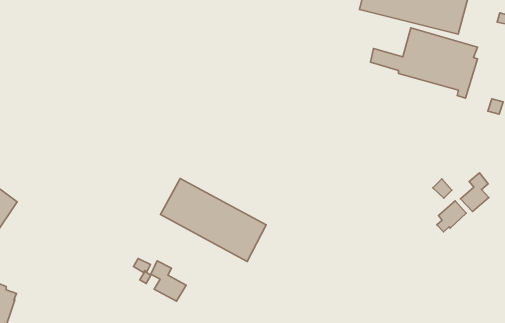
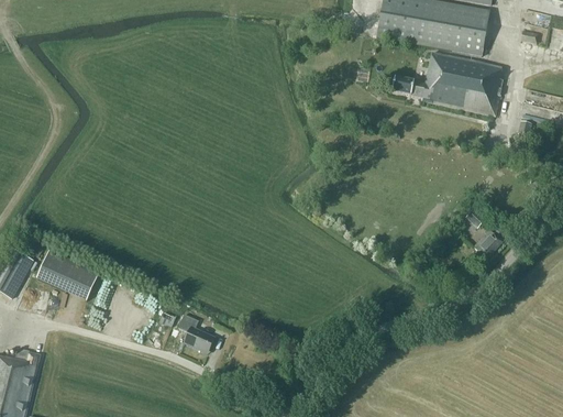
building: [461,173,489,212] -> none
building: [160,179,266,261] -> none
building: none -> [36,249,99,299]

